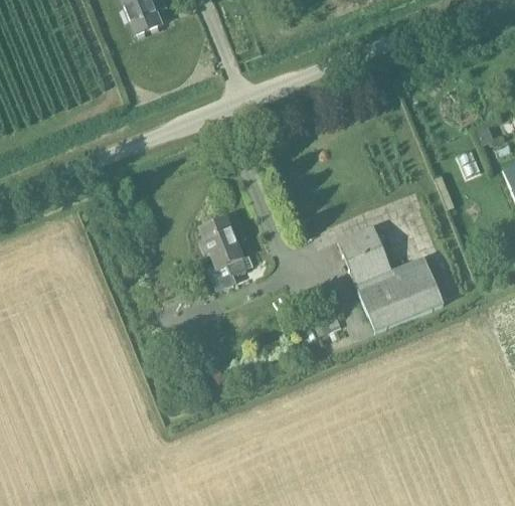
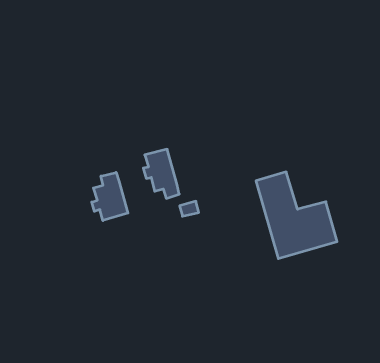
building: none -> [92,172,128,221]

